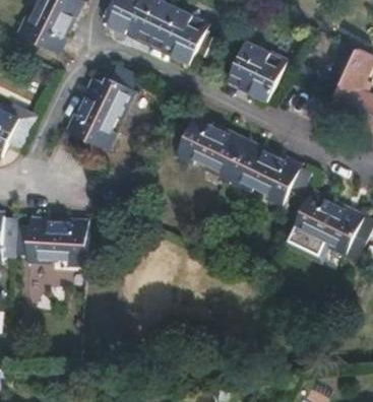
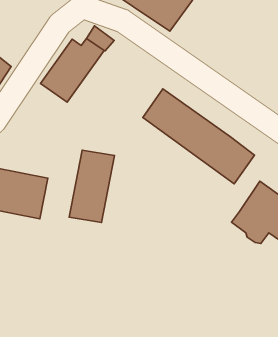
building: [229,42,285,95] -> none
building: none -> [69,150,114,222]

